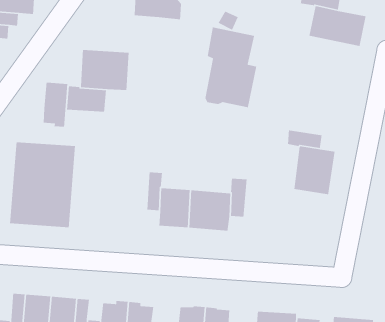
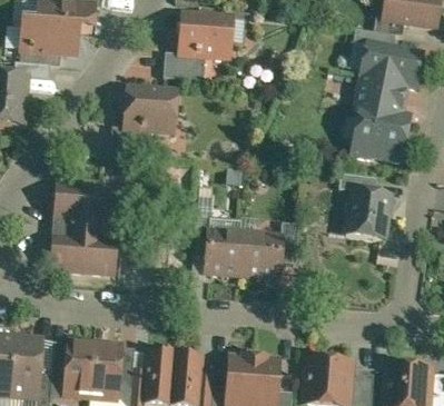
building: none -> [162,50,205,79]
building: [205,27,264,108] -> [353,73,414,158]
building: [43,82,68,128] -> none

